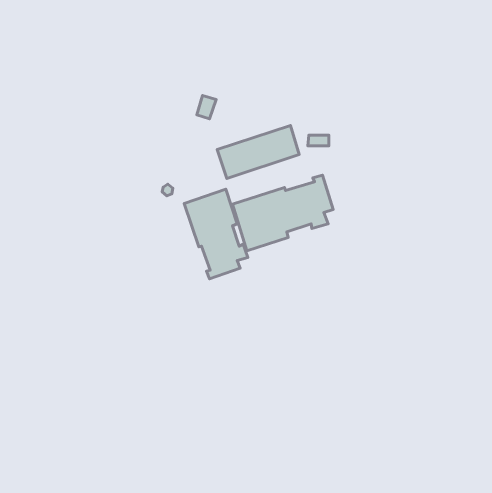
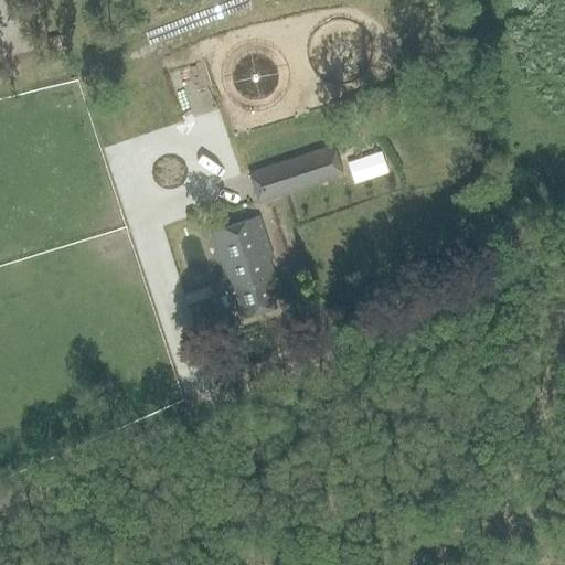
building: [233,175,333,251] -> none

